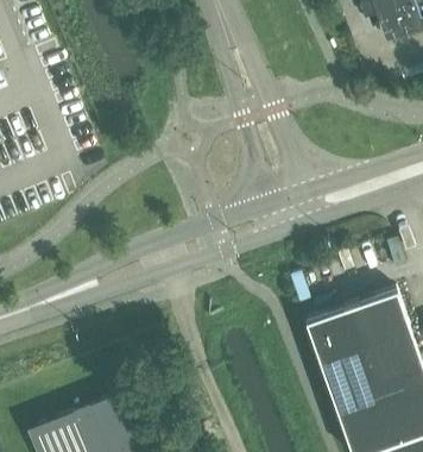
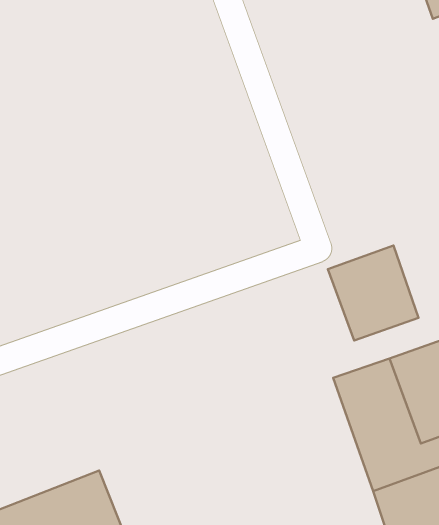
building: none -> [328,246,419,341]

